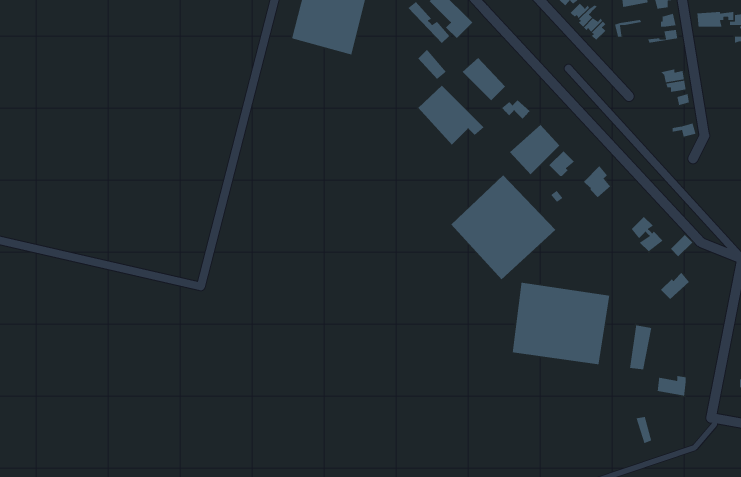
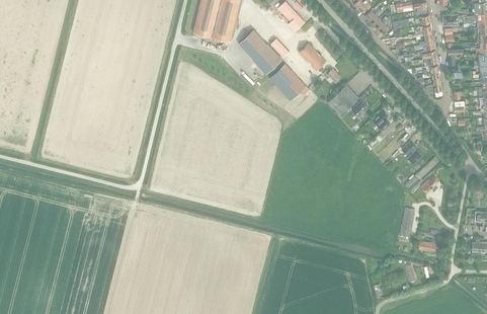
building: none -> [238,29,280,73]
building: [450,175,556,280] -> none
building: [512,282,610,365] -> none

